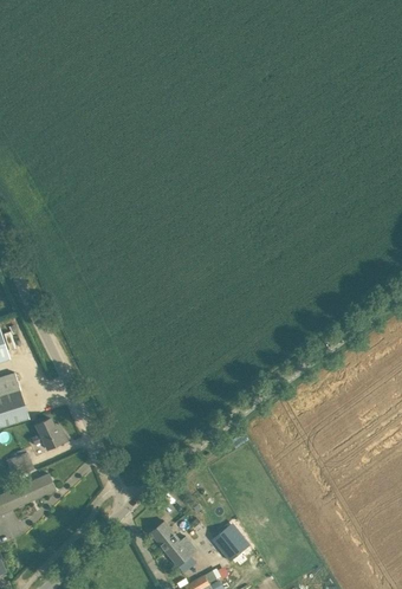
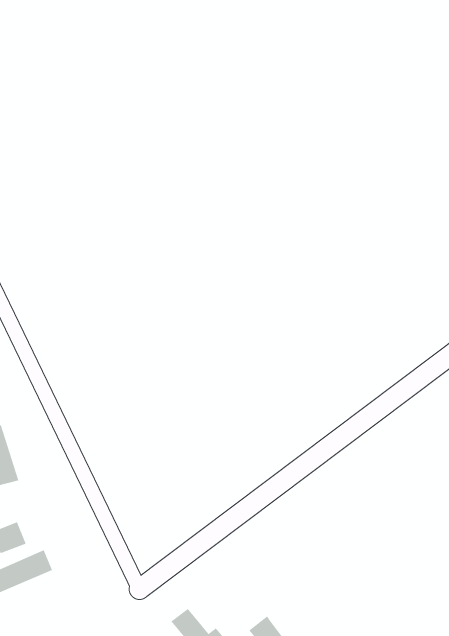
building: [32,418,66,448] -> none

